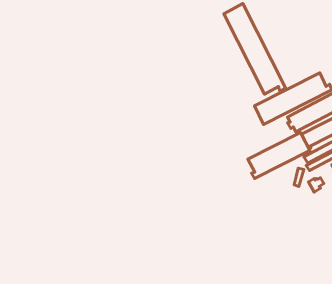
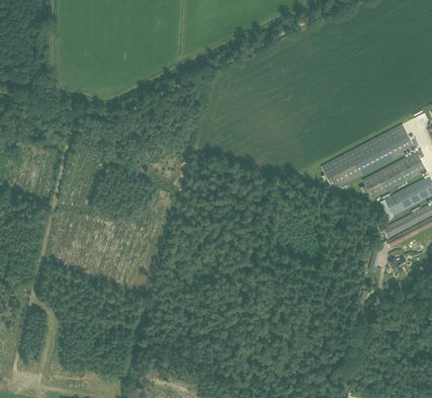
building: [224,3,285,94] -> none
building: [248,133,310,178] -> none

